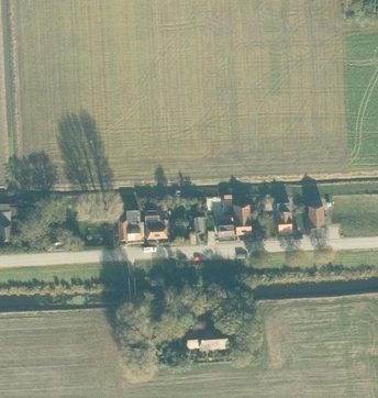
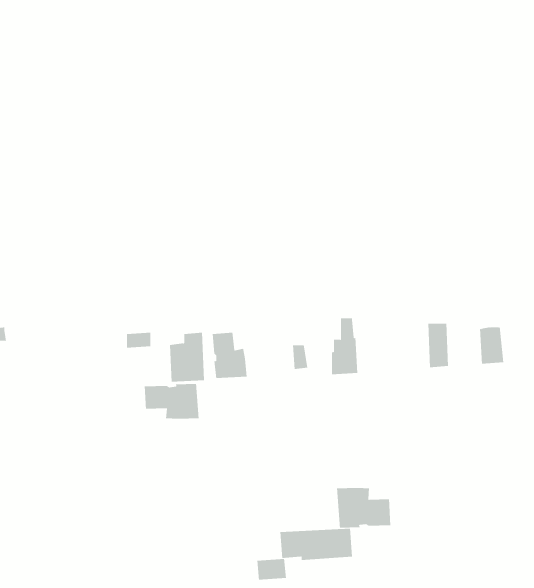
building: [234,206,251,234] -> none
building: none -> [144,383,199,419]
building: none -> [336,487,391,528]

